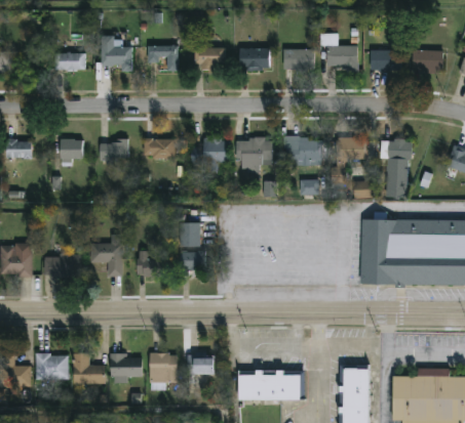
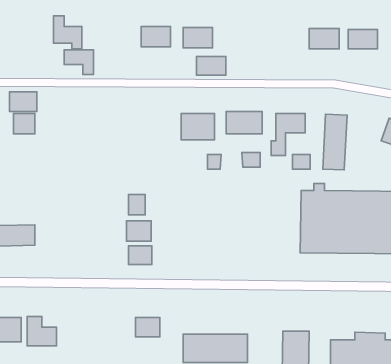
building: [325,45,357,72] -> none
building: [147,46,178,72] -> [64,50,93,74]
building: [282,50,313,70] -> [196,57,226,75]
building: [53,54,85,72] -> none
building: [144,139,173,159] -> none
building: [99,141,127,162] -> [10,92,37,112]
building: [190,141,228,163] -> none
building: [96,237,121,277] -> none
building: [138,258,162,278] -> [128,246,152,264]
building: [151,352,177,387] -> none
building: [111,353,142,380] -> none

